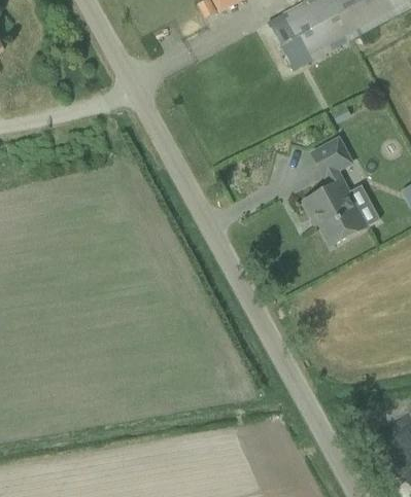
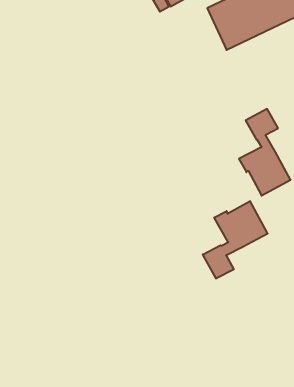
building: none -> [203,201,268,279]

